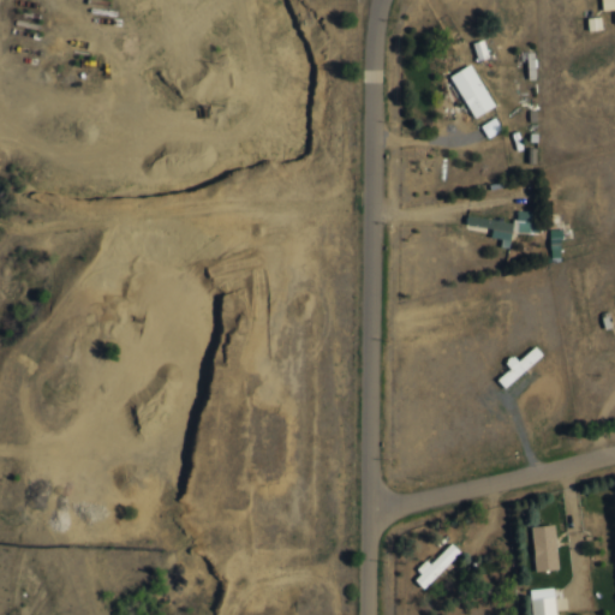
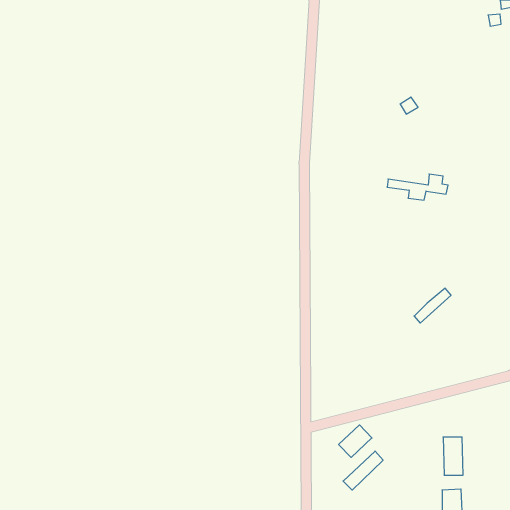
building: [453,65,494,119] -> none
building: none -> [339,425,372,457]

